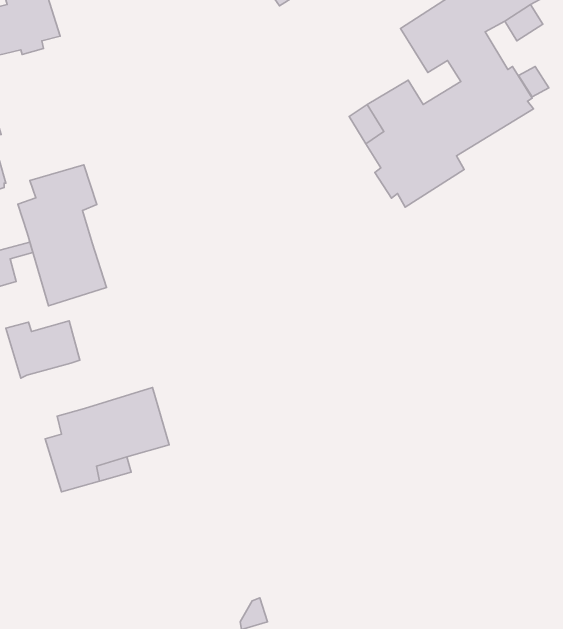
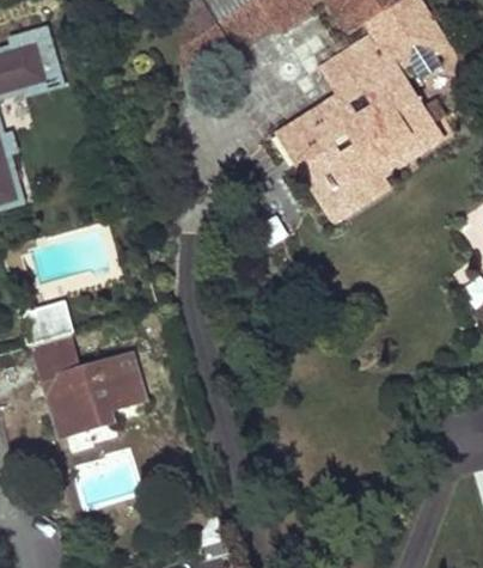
building: [18,165,106,306] -> none
building: none -> [33,334,79,393]

